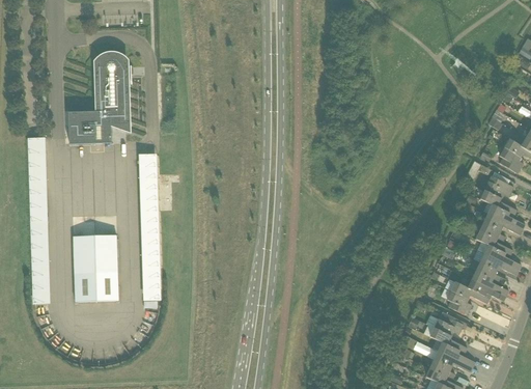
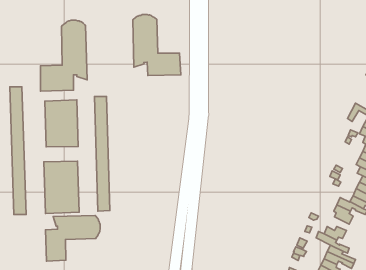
building: none -> [133,14,181,76]
building: none -> [45,100,78,147]
building: none -> [46,216,100,261]

